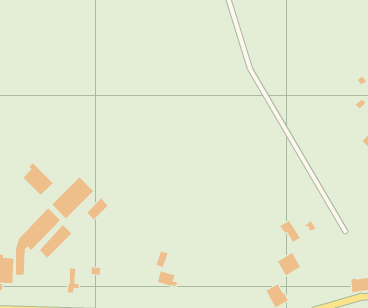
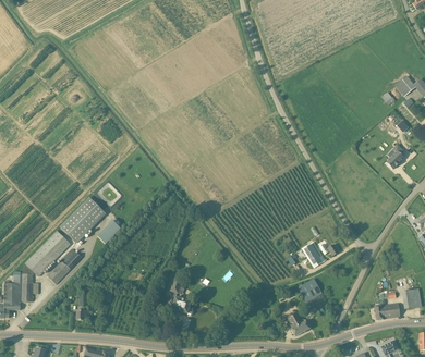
building: [23,163,54,196] -> none

